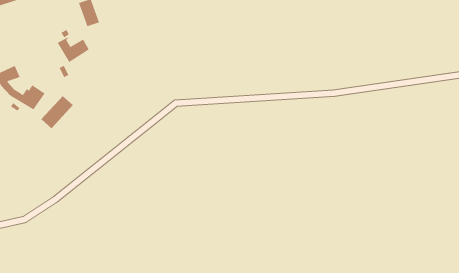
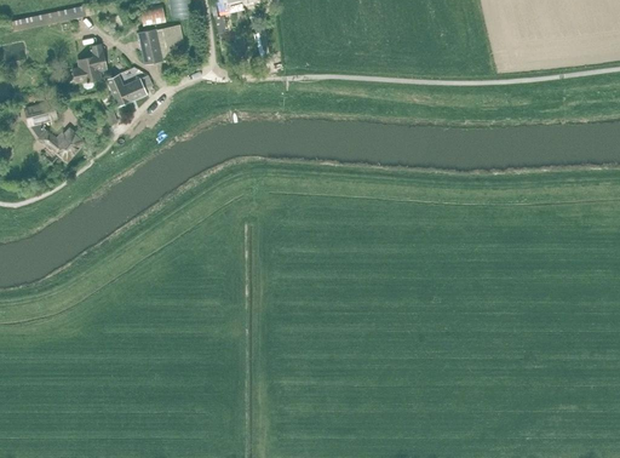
building: none -> [68,44,109,82]
building: [40,95,74,129] -> none

